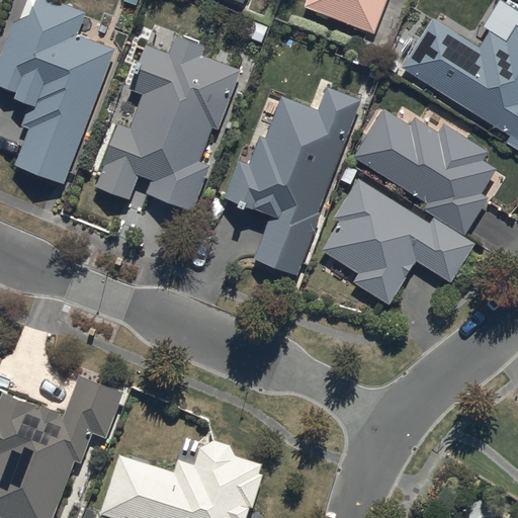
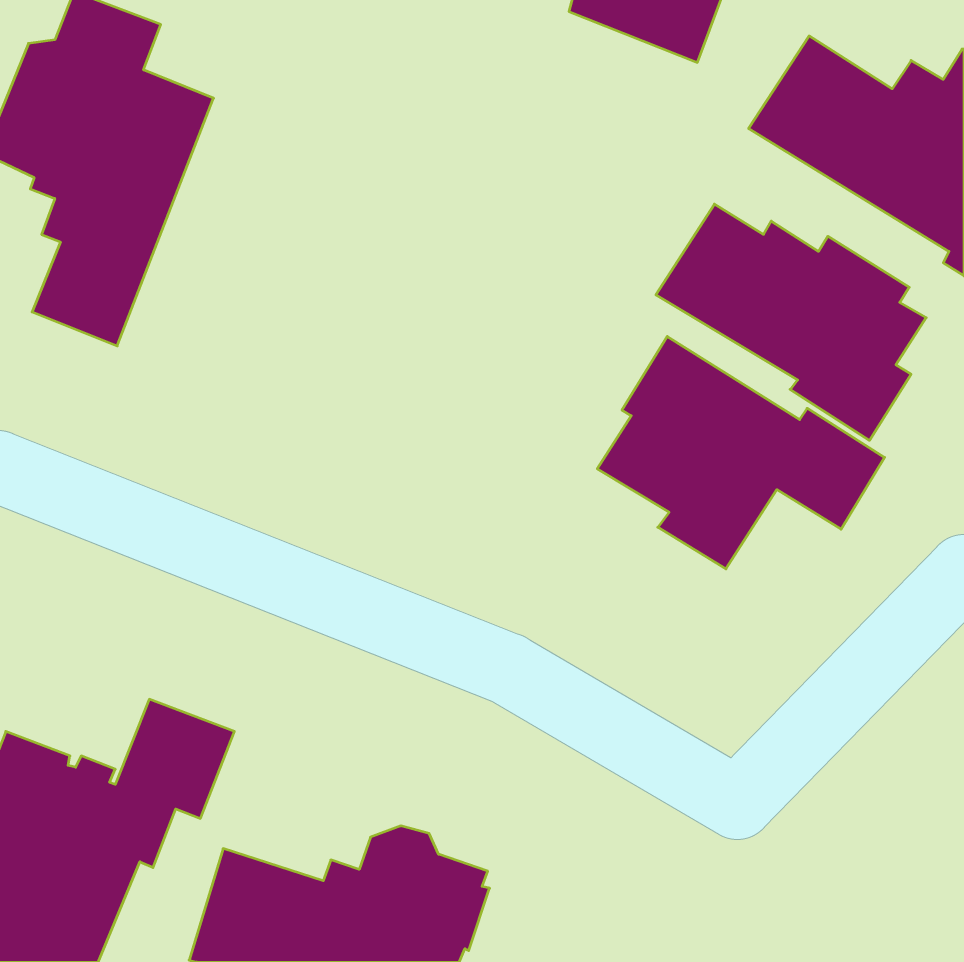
building: [96,35,241,200] -> none
building: [239,88,360,278] -> none

